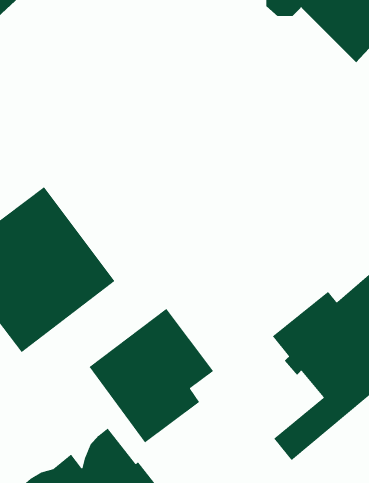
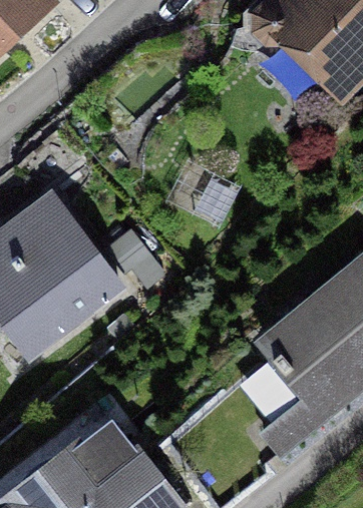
building: [88,308,214,443] -> none

